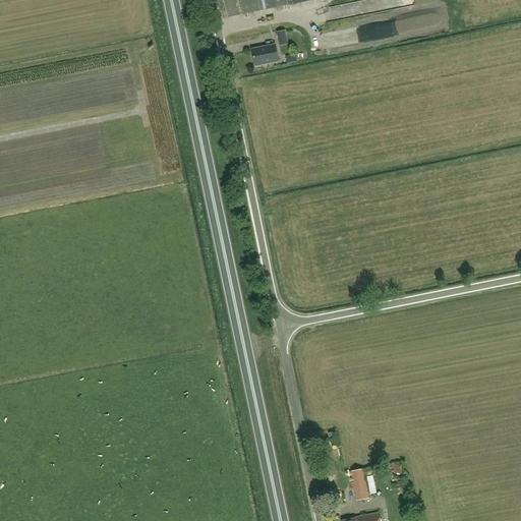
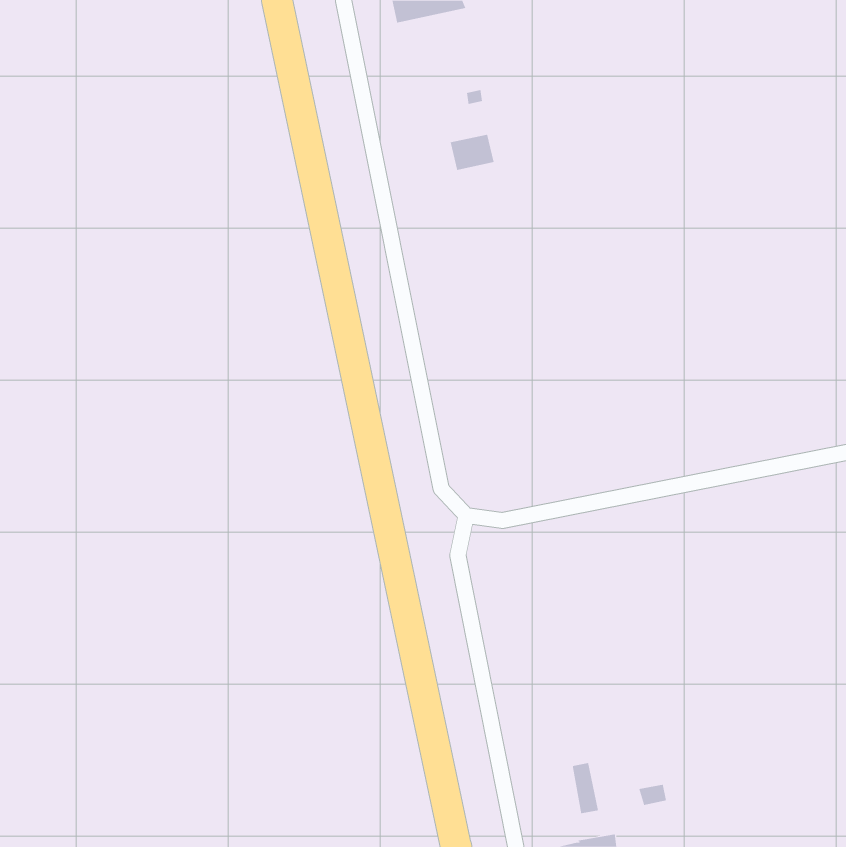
building: [250,44,278,66] -> [450,134,495,170]

